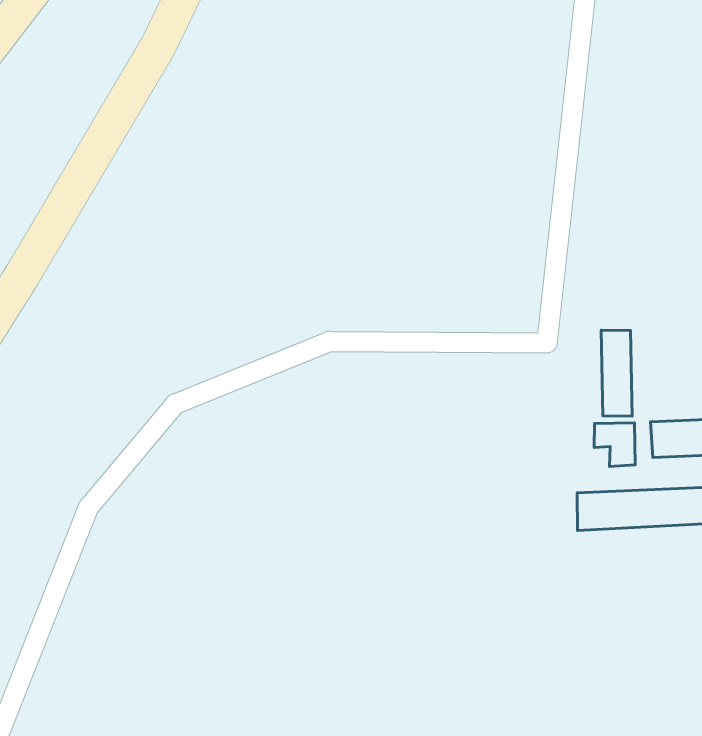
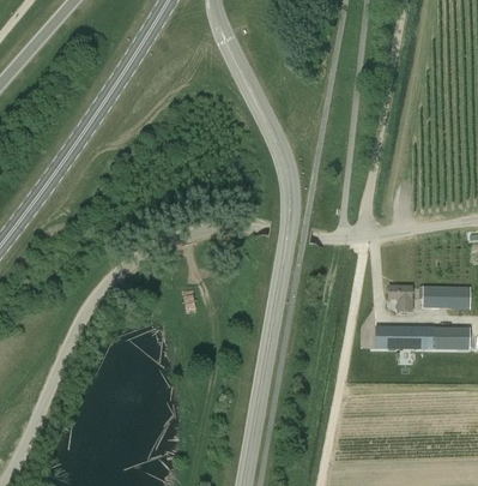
building: [601,330,632,416] -> none

